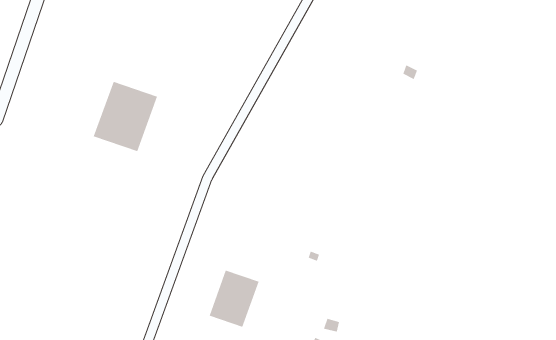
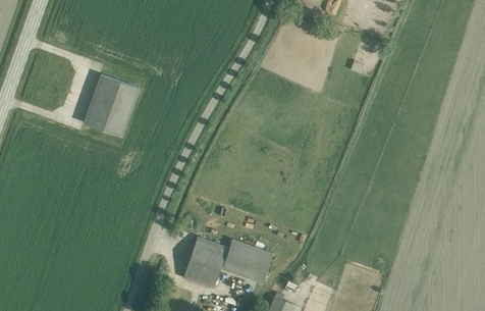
building: none -> [222,241,272,284]

